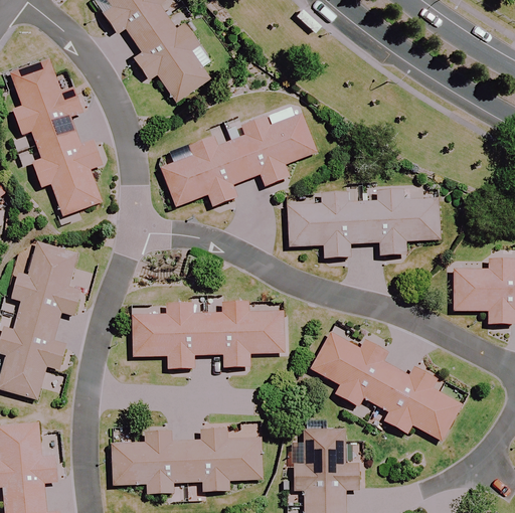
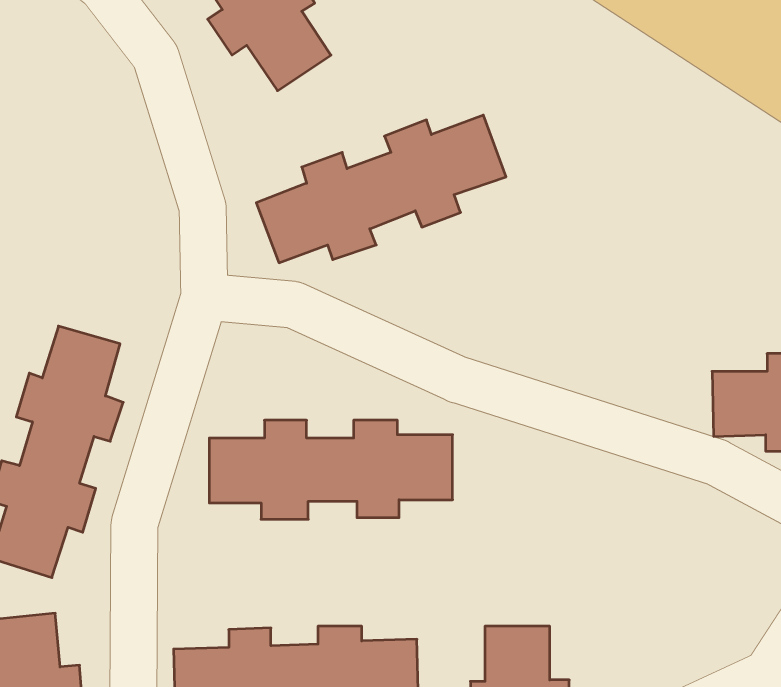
building: [8,57,101,211] -> none
building: [288,190,440,253] -> none
building: [311,332,463,439] -> none

